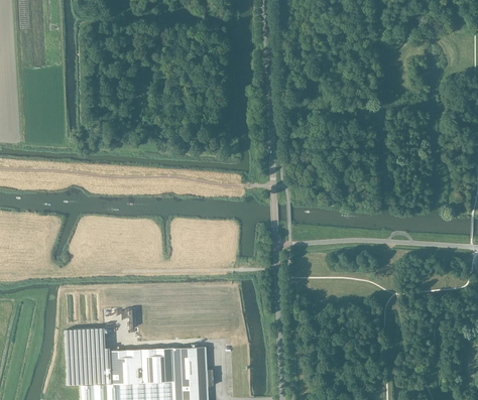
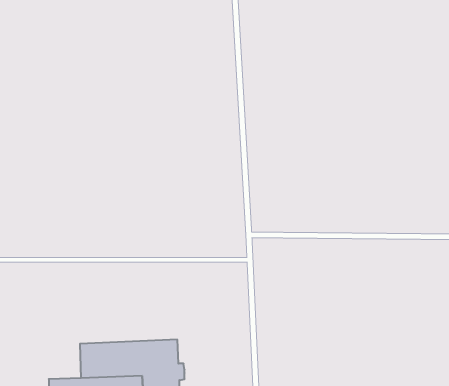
building: [66,327,112,384] -> none

